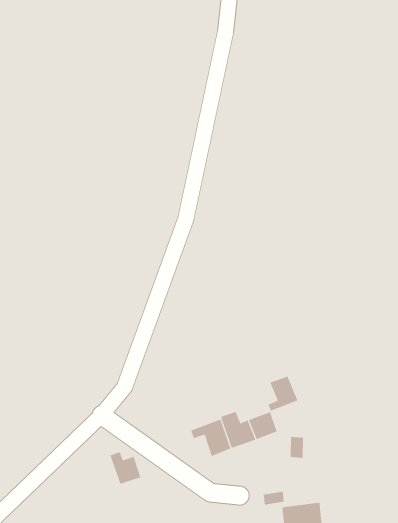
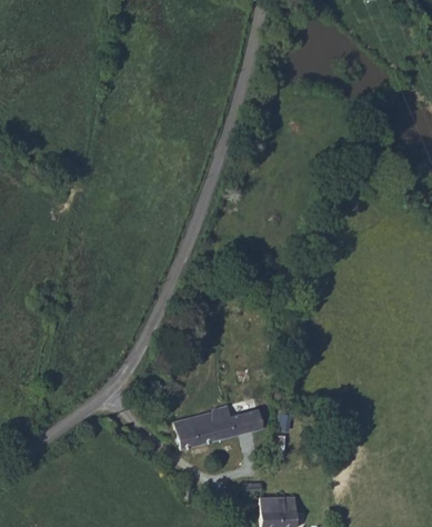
building: [268,376,298,411] -> none
building: [109,451,141,485] -> [174,419,201,449]

